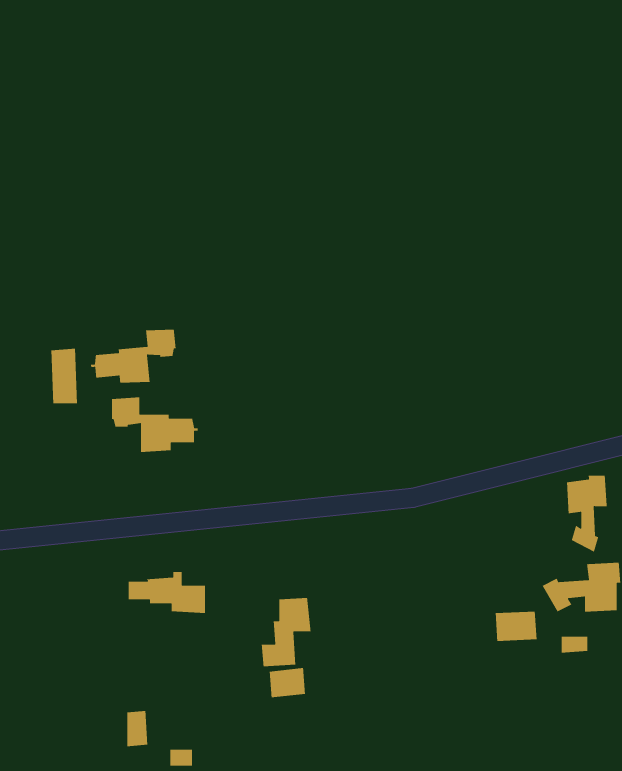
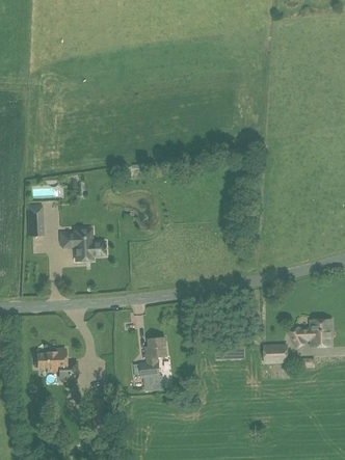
building: [90,329,176,384] -> none
building: [566,475,608,553] -> none
building: [128,571,206,614] -> [31,350,73,373]

